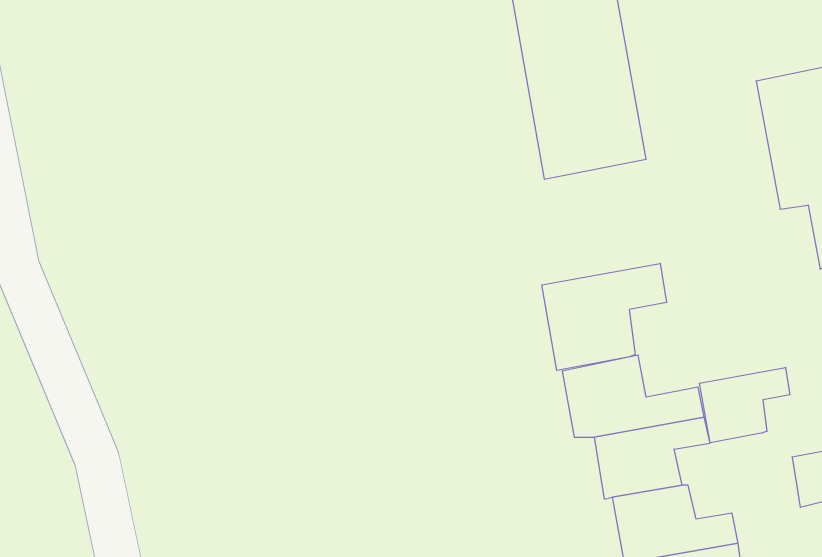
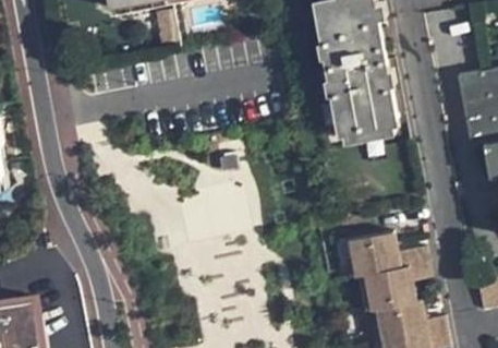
building: [542,263,667,370] -> none
building: [700,367,790,443] -> none

